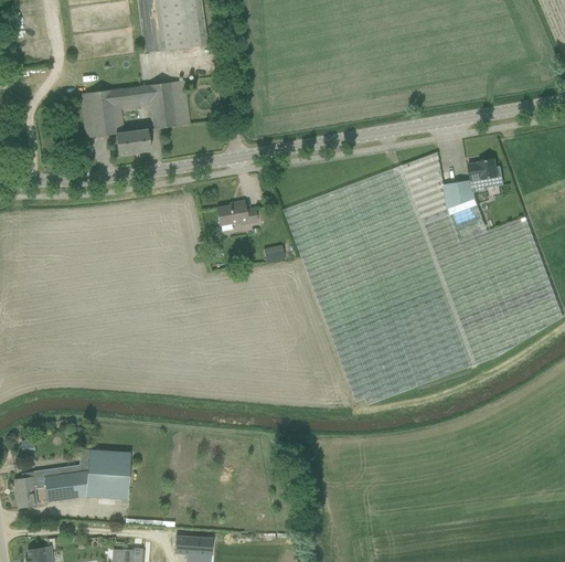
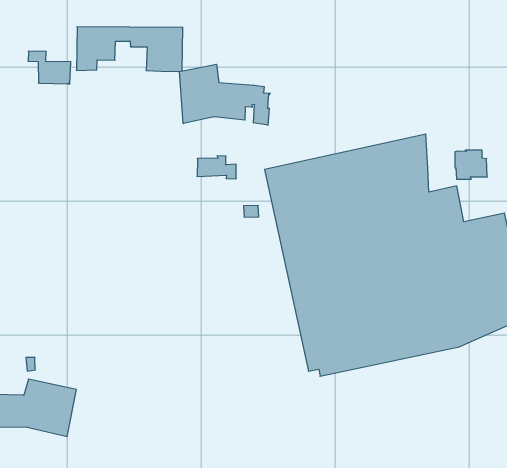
building: none -> [180,64,270,125]
building: [104,123,149,155] -> [28,51,71,84]
building: [444,180,475,208] -> none

